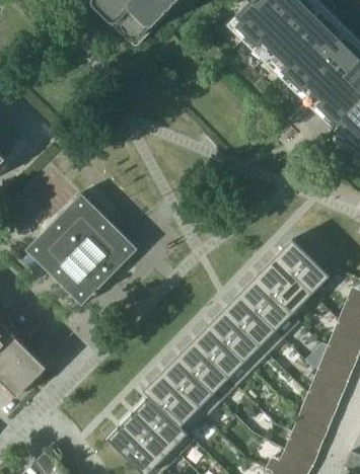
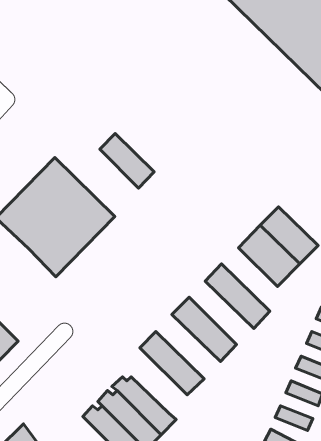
building: none -> [100,134,154,188]
building: [238,278,300,337] -> none
building: [208,309,269,369] -> none
building: [176,340,237,401] -> none
building: [144,372,206,433] -> none

